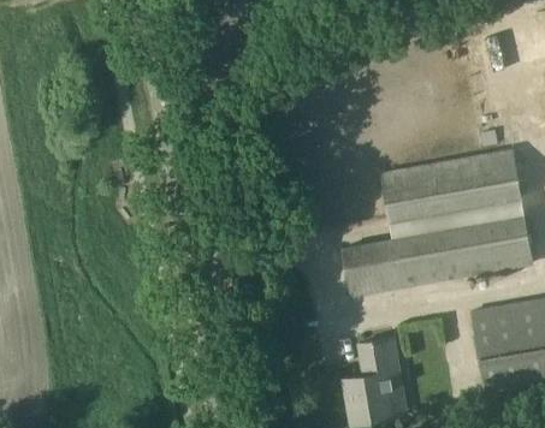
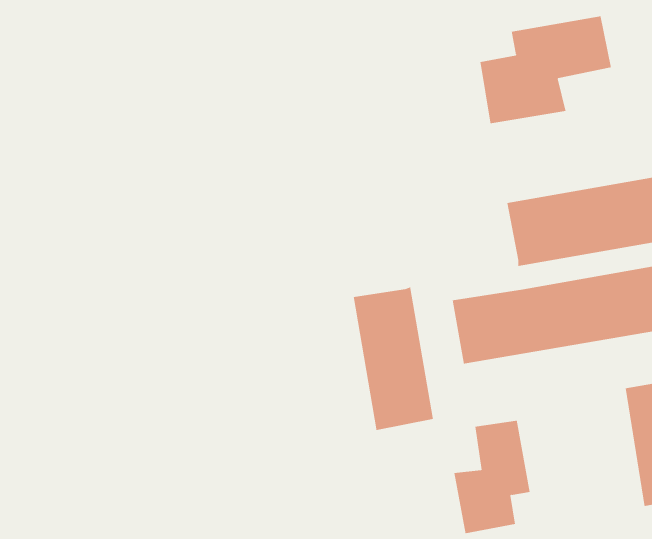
building: none -> [480,16,612,124]
building: none -> [353,287,433,431]

